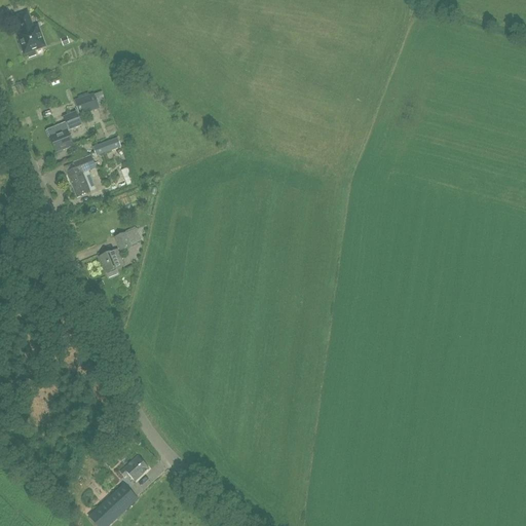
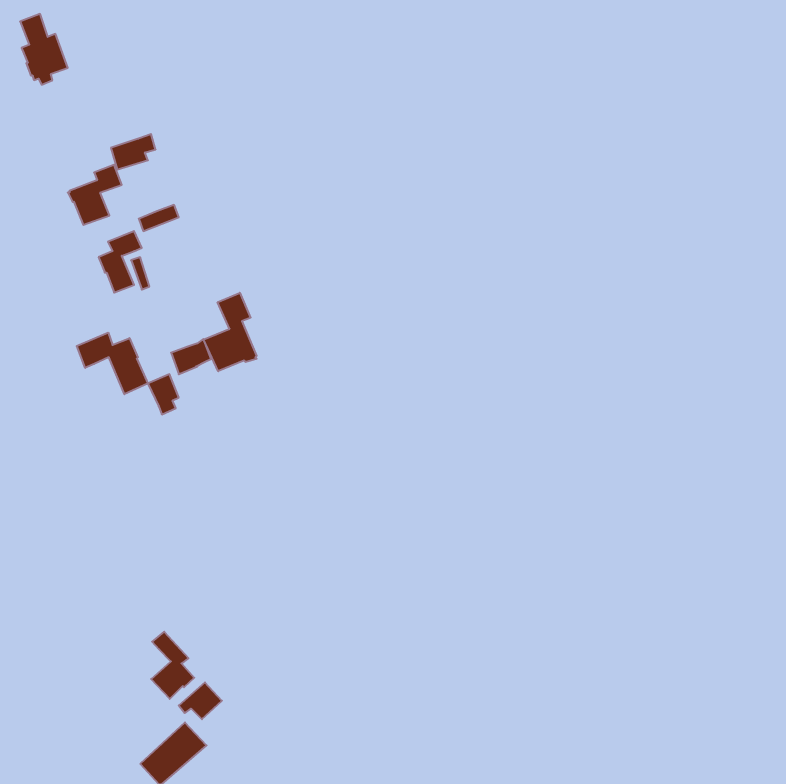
building: none -> [204,293,257,371]
building: none -> [77,333,148,394]
building: none -> [151,632,194,699]

